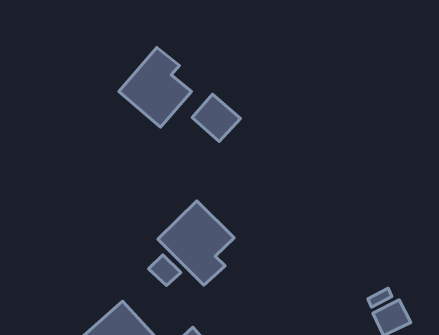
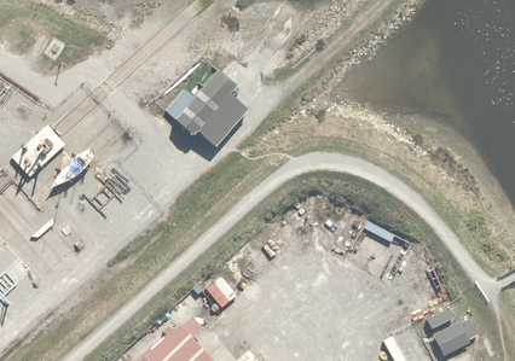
building: [192,94,241,141] -> none
building: [158,201,234,285] -> none

